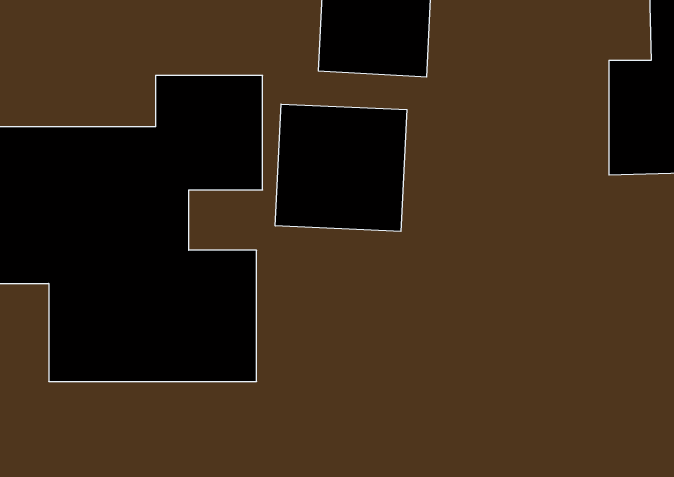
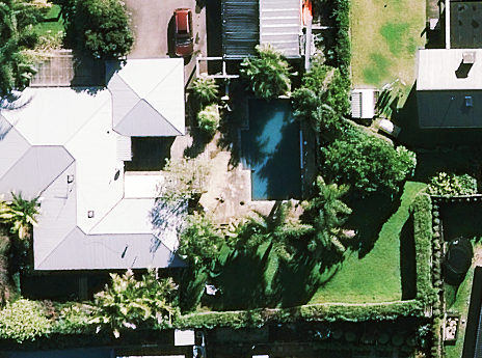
building: [275,104,407,231] -> none

